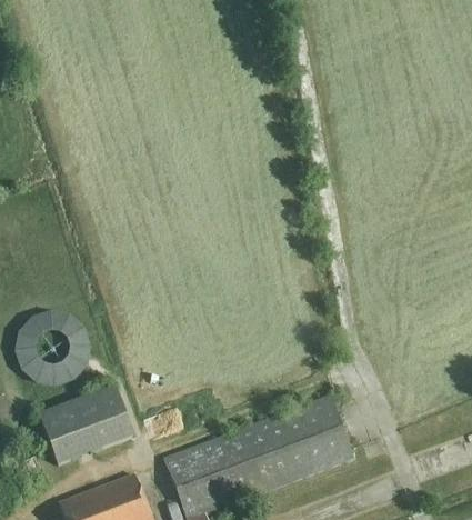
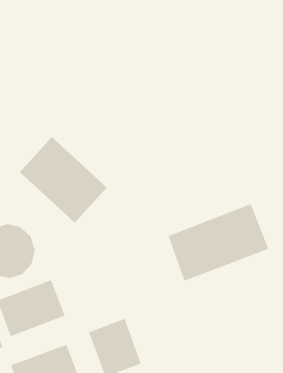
building: none -> [19,136,108,223]
building: [214,394,353,501] -> [168,203,269,281]

